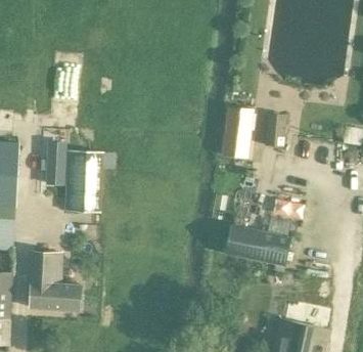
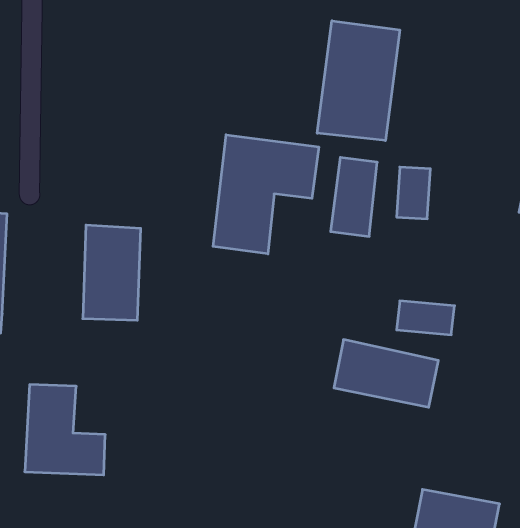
building: none -> [317,21,400,141]
building: none -> [213,135,319,254]
building: [43,142,63,184] -> none

